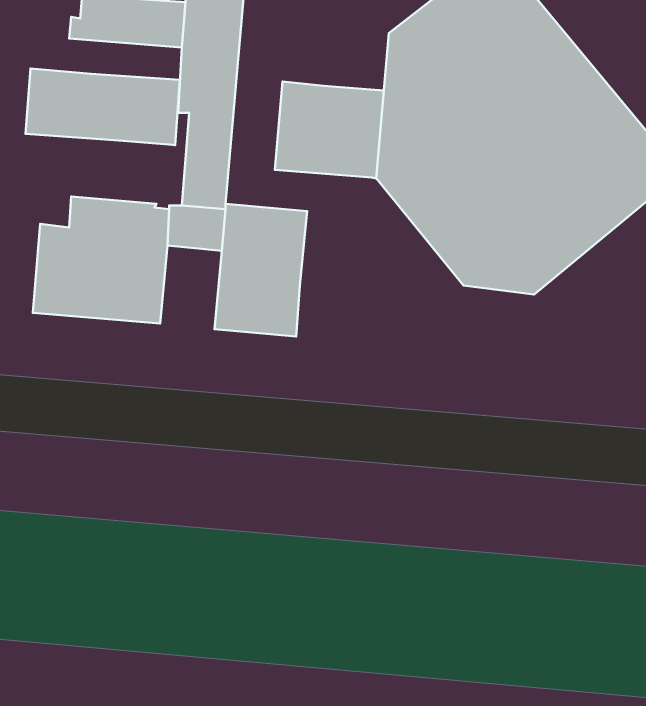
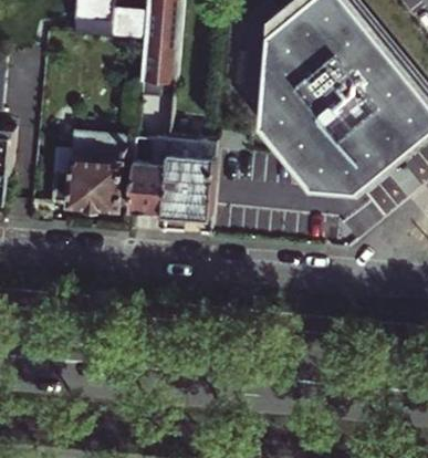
building: [26,68,180,145] -> none
building: [275,82,384,178] -> none
building: none -> [127,163,165,214]

